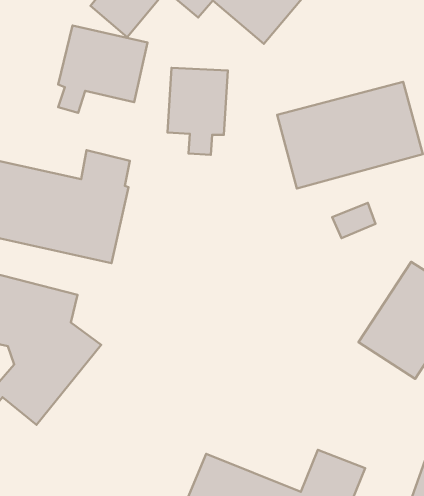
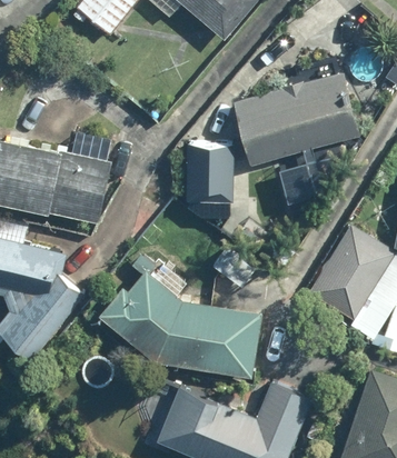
building: [58,26,148,113] -> none
building: [167,68,228,155] -> [185,145,236,218]
building: none -> [96,266,259,379]

